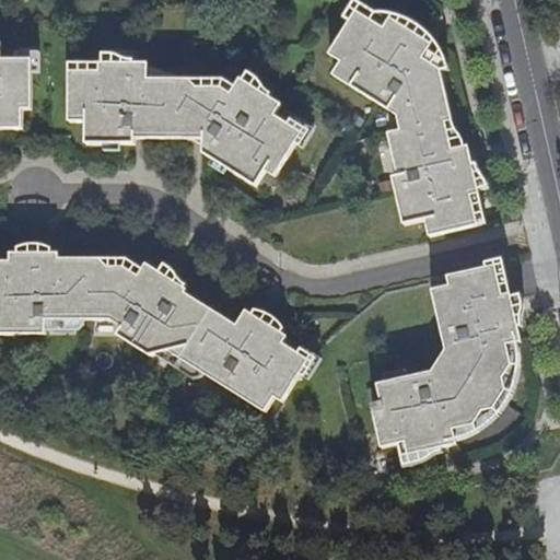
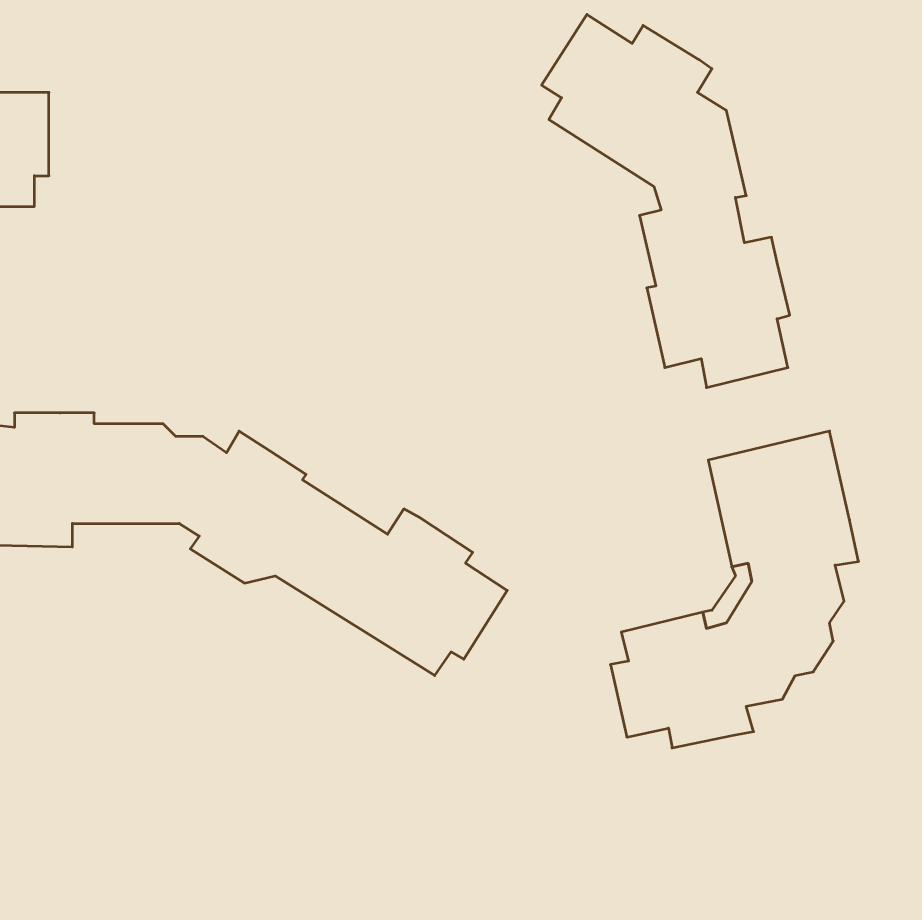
building: [67,60,300,184] -> none

